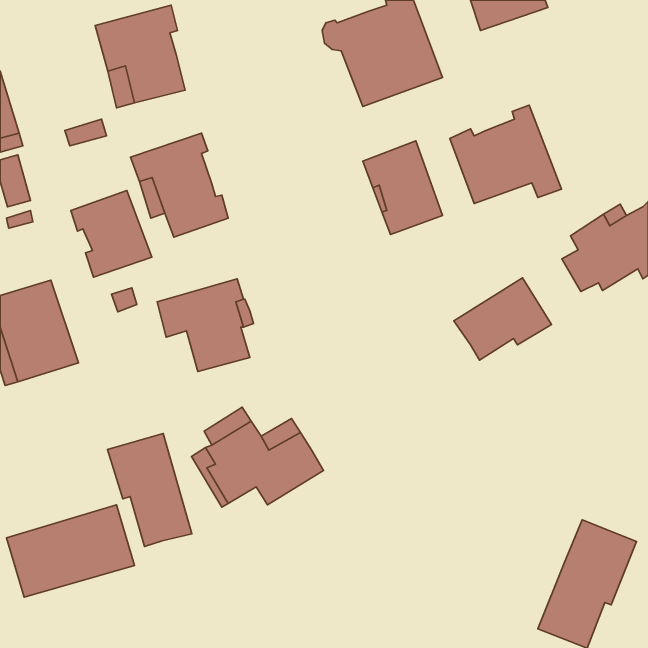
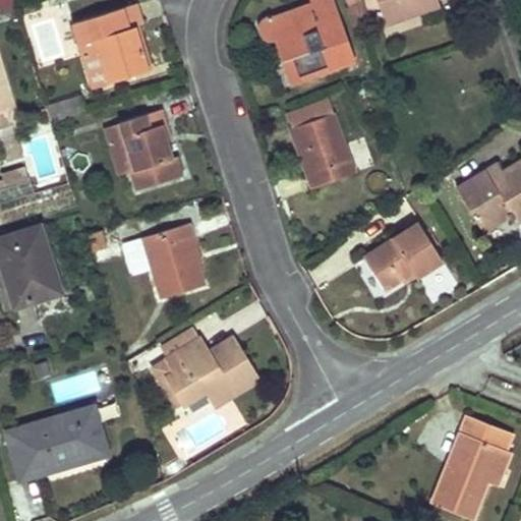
building: [450,105,561,204] -> none
building: [71,190,152,277] -> none
building: [108,433,192,547] -> none

